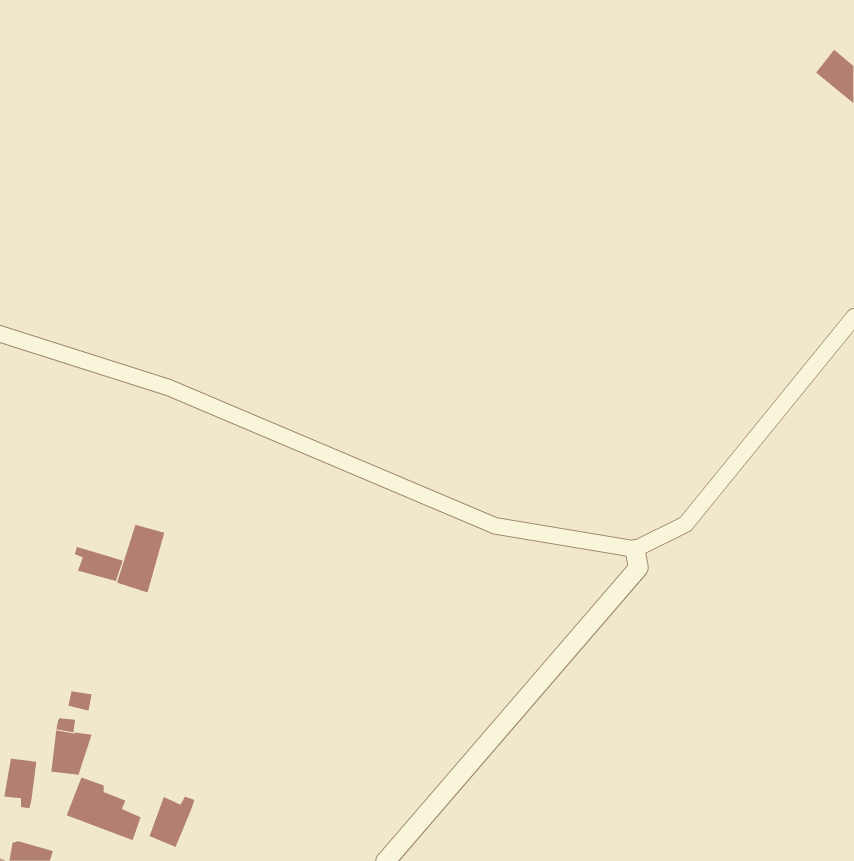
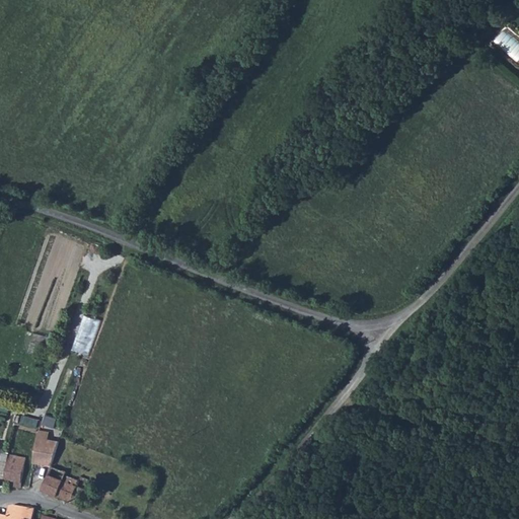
building: [74,546,123,582] -> none
building: [149,796,195,848] -> none

